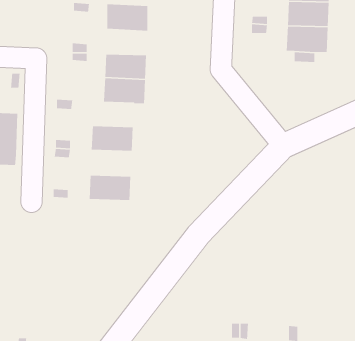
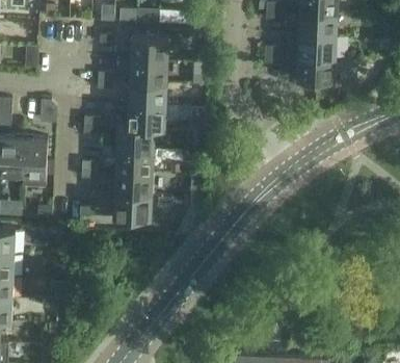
building: none -> [129,61,168,85]
building: none -> [116,127,155,152]
building: none -> [114,174,154,198]

